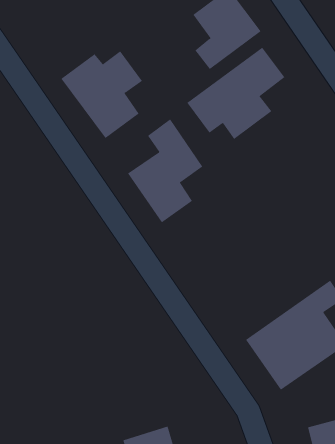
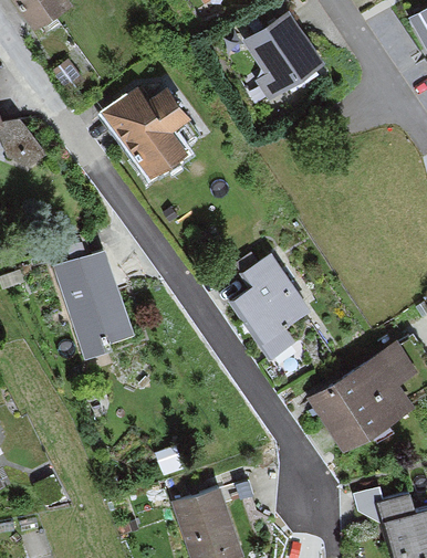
building: [187,47,285,140] -> none
building: [127,119,203,223] -> [223,251,306,365]
building: none -> [53,251,135,364]

